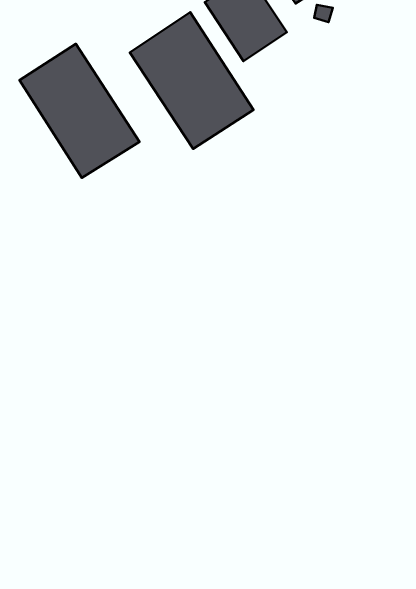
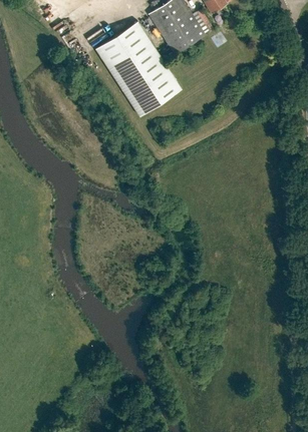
building: [20,44,139,178] -> none

